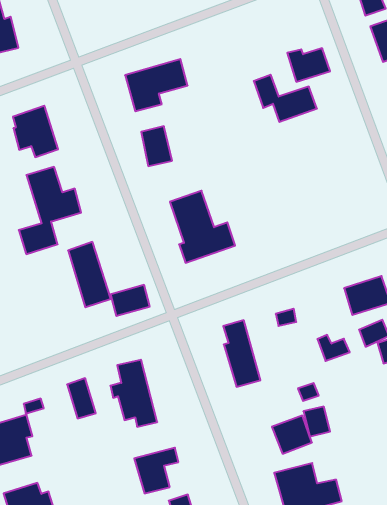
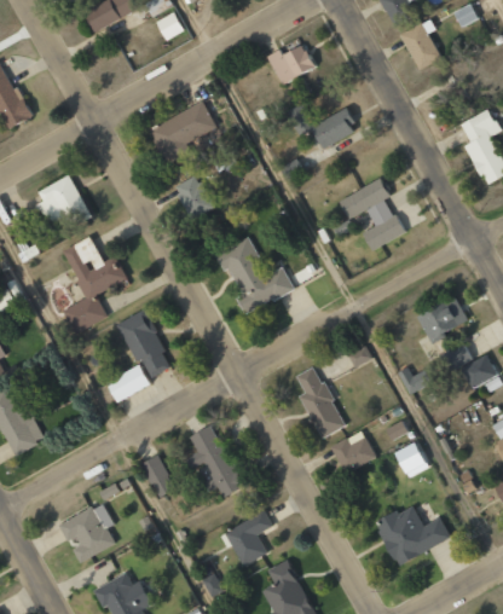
building: [287,48,330,82] -> [267,45,316,85]
building: none -> [339,179,404,250]
building: [110,285,150,316] -> [106,365,150,402]
building: [272,416,312,454] -> [331,430,376,474]

